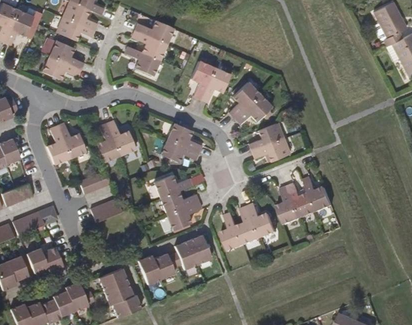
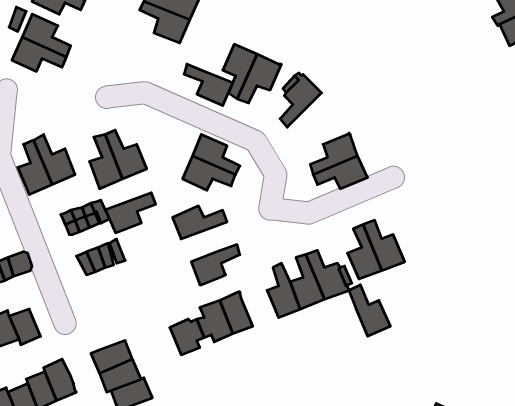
building: [126,47,160,76] -> [184,64,233,106]
building: [235,95,271,125] -> none
building: [304,177,333,213] -> [349,285,390,336]
building: [161,185,196,213] -> [106,193,156,233]
building: [138,255,161,284] -> none

